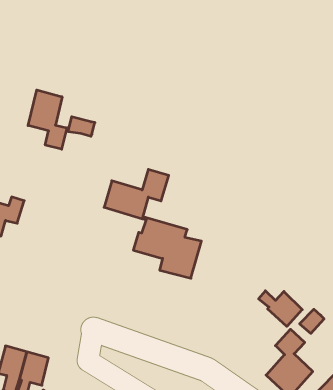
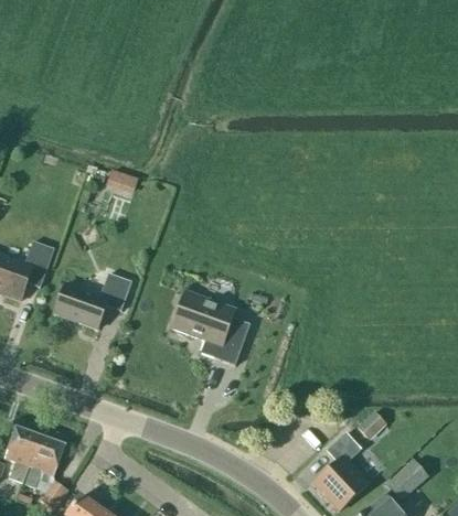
building: [28,90,67,149] -> none
building: [104,169,169,219] -> [54,272,131,329]
building: [259,291,302,326] -> none

